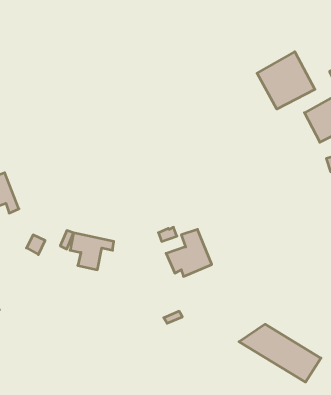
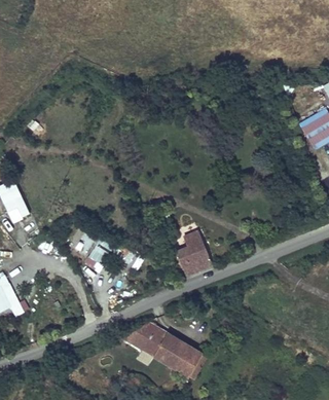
building: [257,52,315,109] -> none
building: [239,324,321,382] -> [124,323,202,377]

